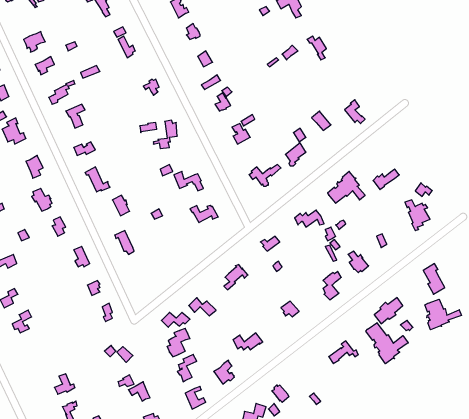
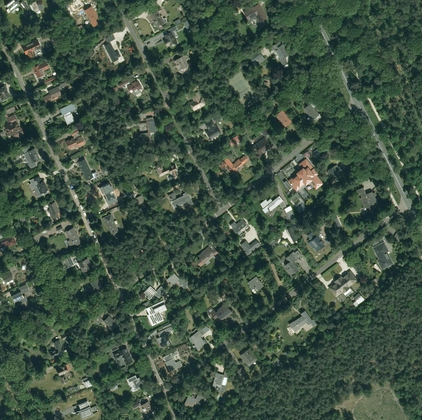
building: [425,299,462,330] -> none
building: [366,323,408,364] -> none

